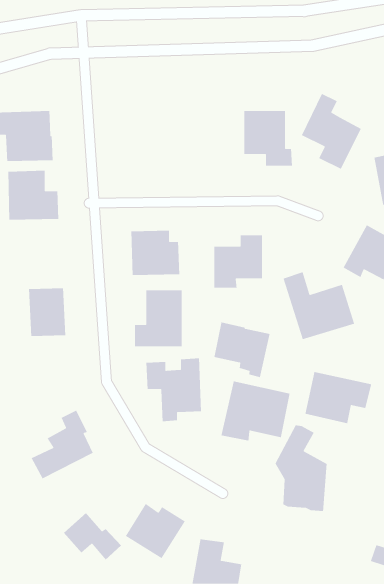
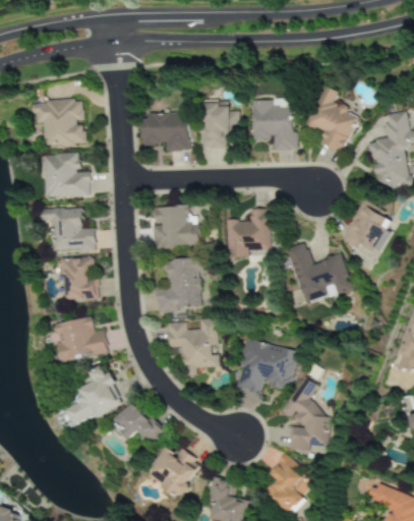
building: none -> [203,102,238,148]
building: none -> [143,112,188,151]
building: none -> [43,208,97,250]
building: [214,322,270,378] -> none
building: none -> [56,316,109,359]
building: [304,371,372,424] -> none
building: [63,512,122,560] -> [114,402,166,445]
building: none -> [264,456,313,512]

